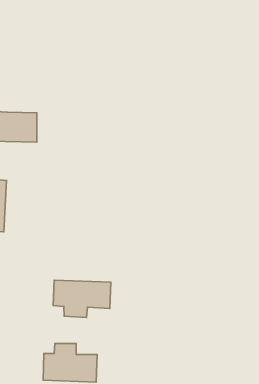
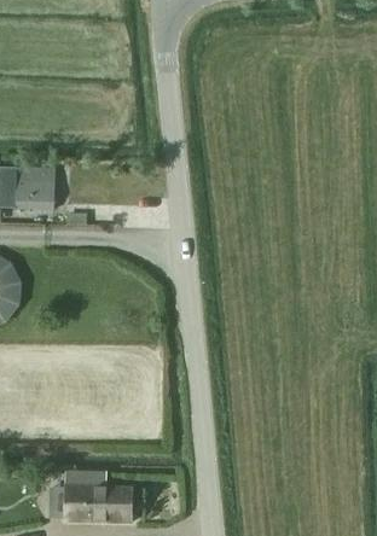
building: [53,280,111,318] -> none

